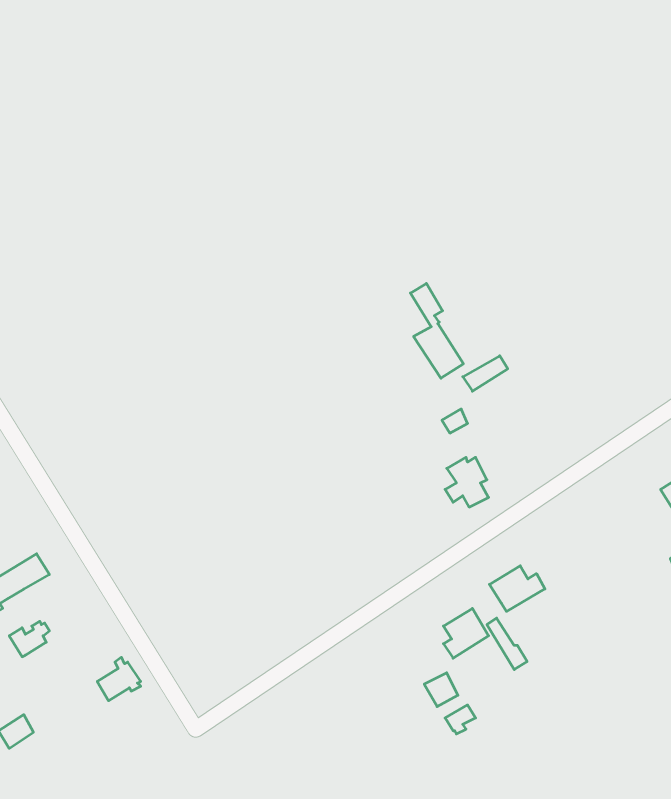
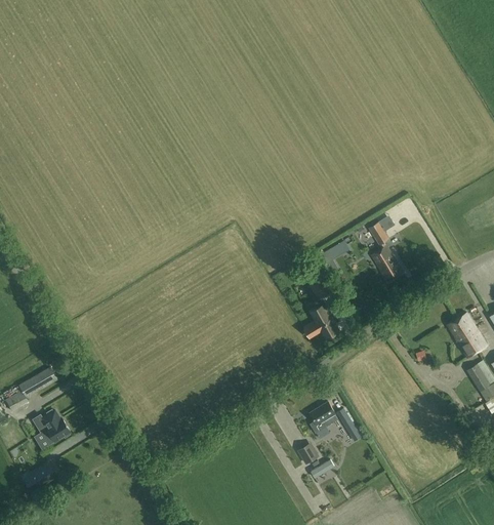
building: [410,283,463,378] -> [369,221,403,282]
building: [489,566,545,611] -> none
building: [97,657,141,701] -> [43,416,71,444]

